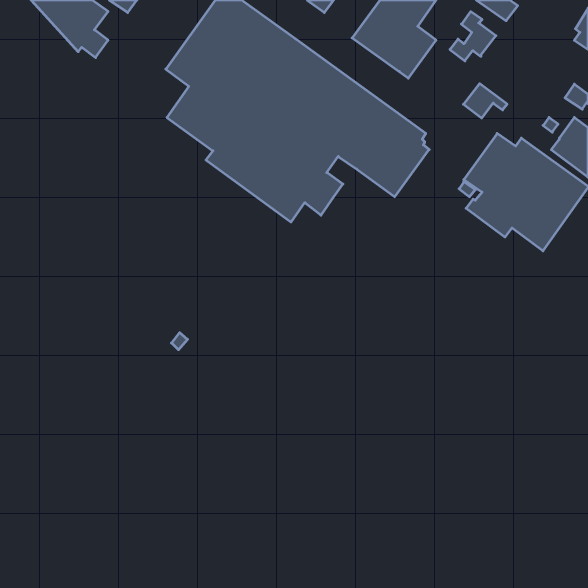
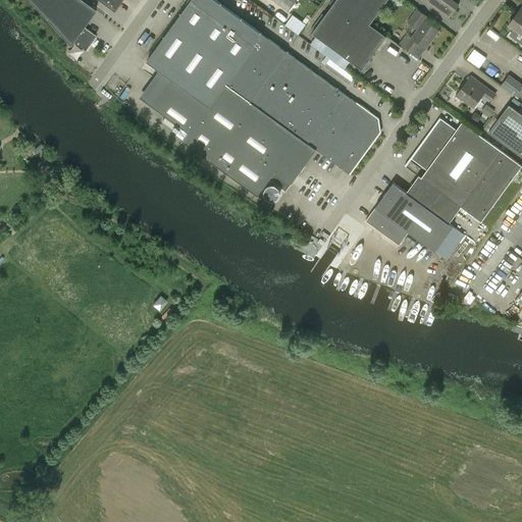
building: [463,84,507,118] -> [457,76,495,107]
building: none -> [364,182,465,259]

